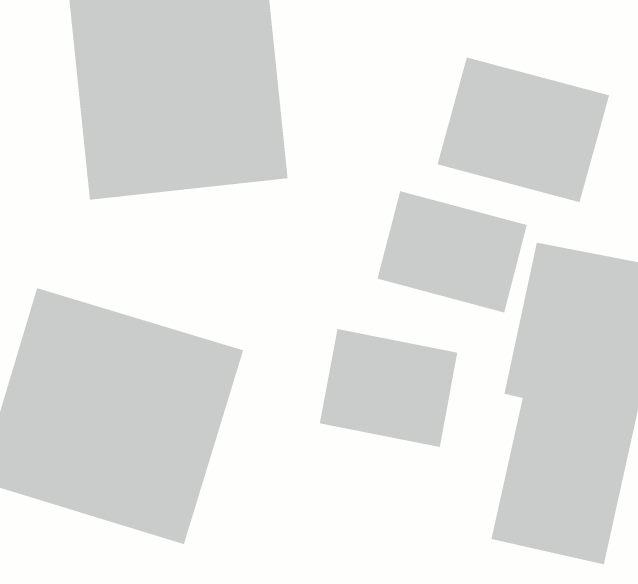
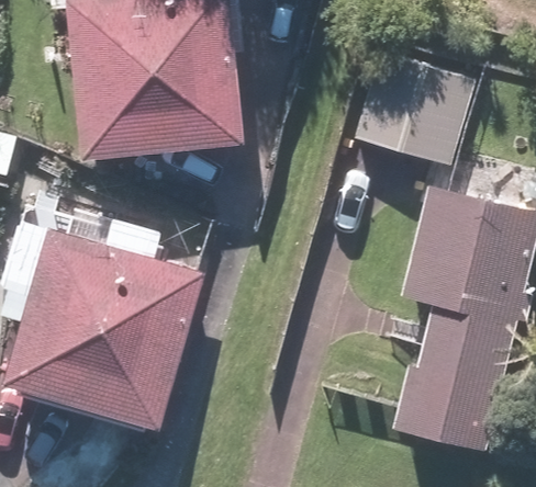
building: [376,190,528,313] -> none
building: [319,328,458,448] -> none

